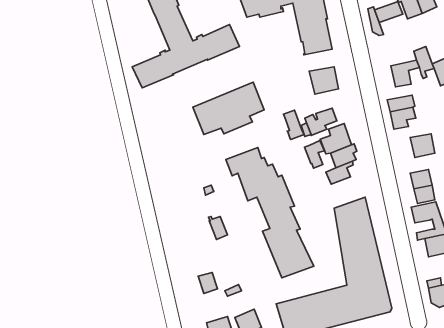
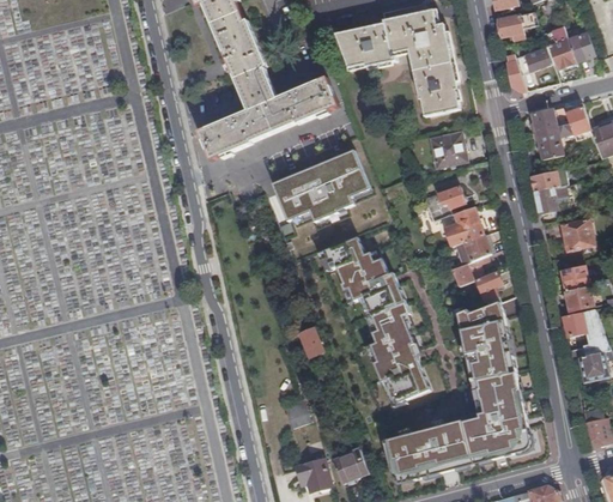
building: none -> [530,105,569,131]
building: [283,110,304,139] -> none
building: [304,141,325,168] -> [475,270,502,306]

